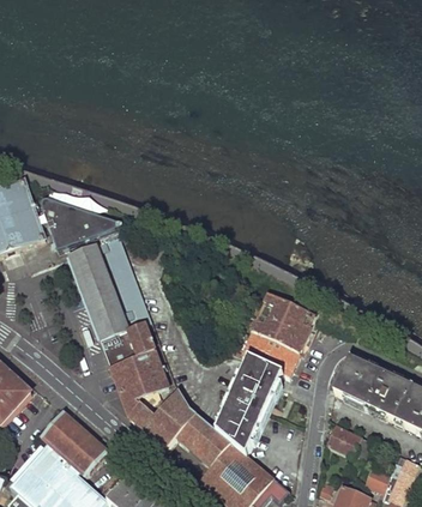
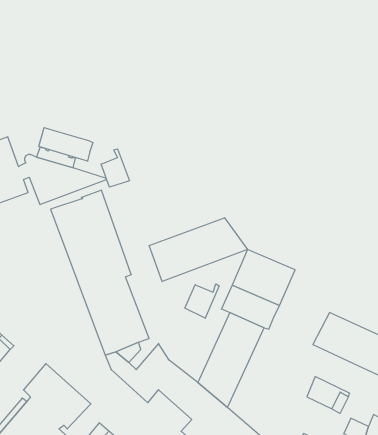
building: none -> [39,128,93,161]
building: none -> [101,149,130,187]
building: none -> [149,218,248,282]
building: none -> [185,284,219,318]

